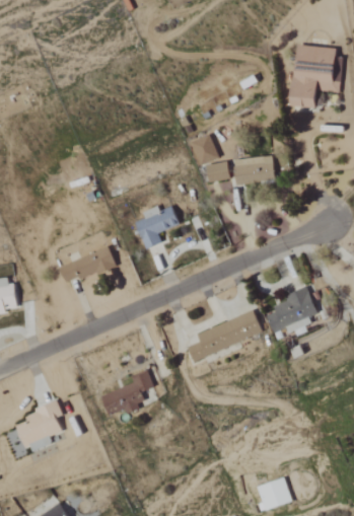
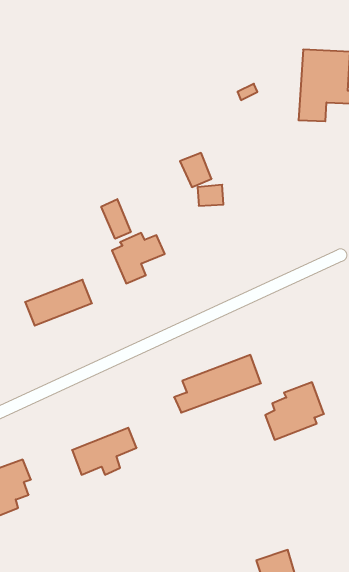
building: [232,155,274,185] -> none
building: none -> [101,199,131,239]
building: [266,286,316,336] -> [265,382,324,440]

